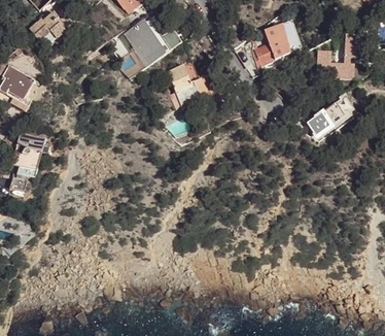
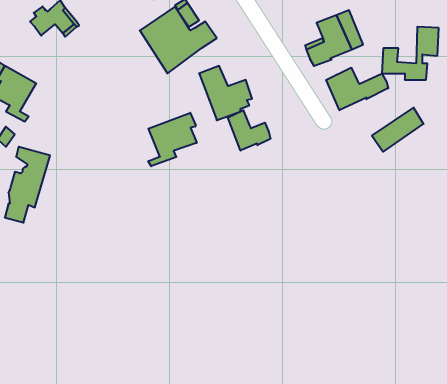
building: none -> [326,68,388,110]
building: none -> [228,110,271,151]
building: none -> [148,113,197,166]

